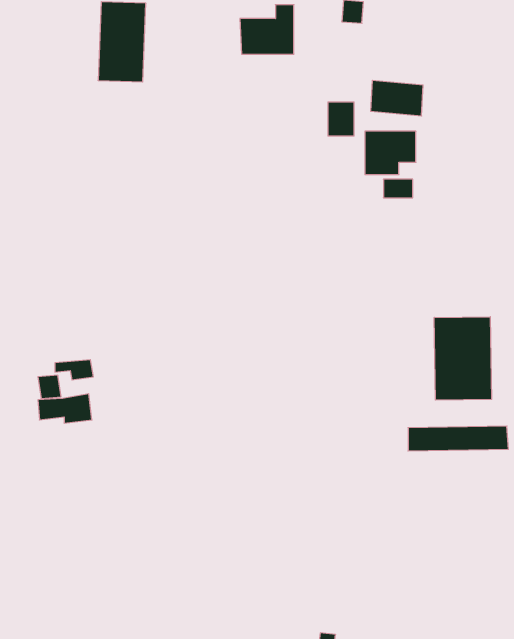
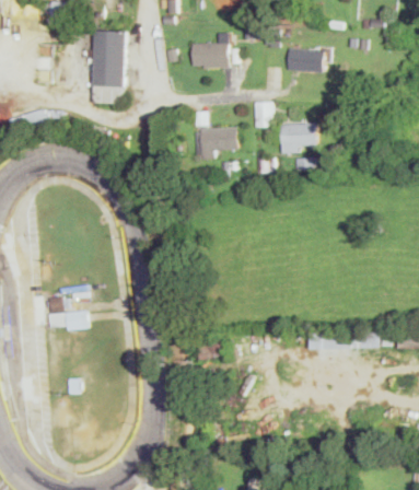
building: [371,80,423,116] -> [287,47,324,72]
building: none -> [195,127,237,156]
building: [434,317,492,400] -> none

